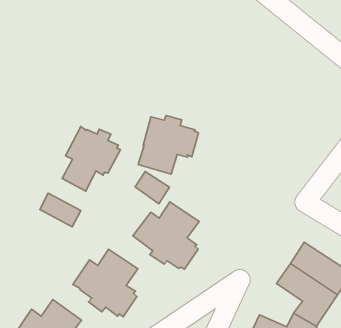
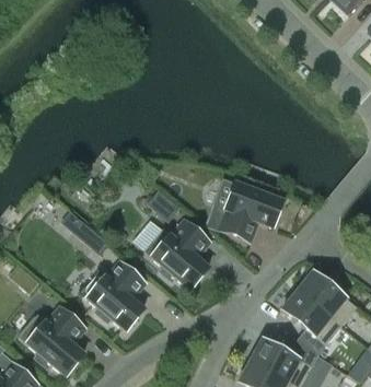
building: [138,116,199,174] -> [220,181,282,239]
building: [62,127,120,191] -> none

